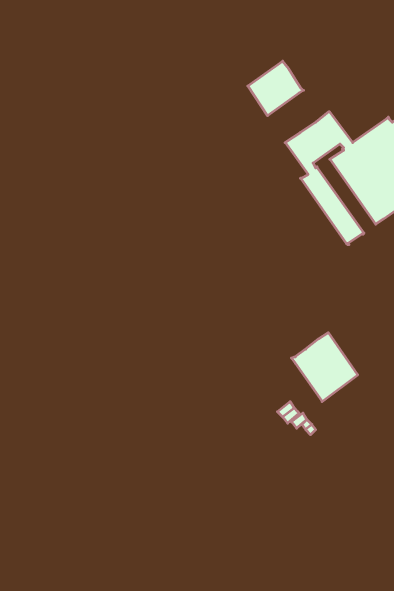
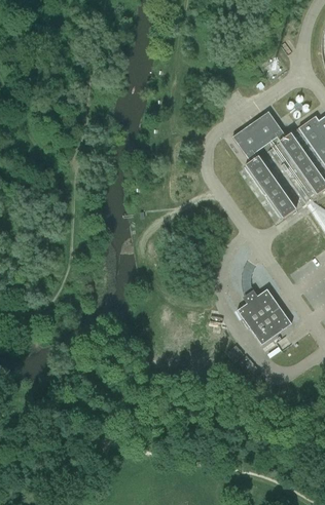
building: [248,61,304,116] -> none

